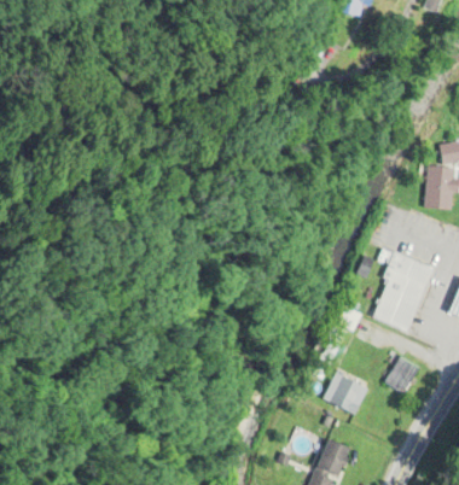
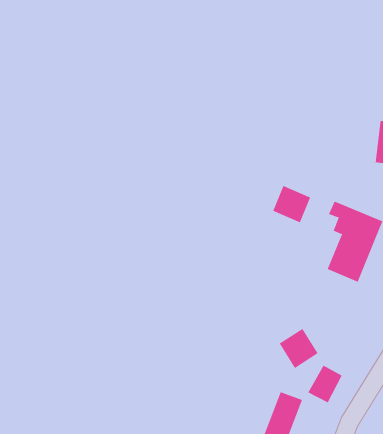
building: none -> [272,185,311,223]
building: [384,357,419,396] -> [308,365,342,403]

